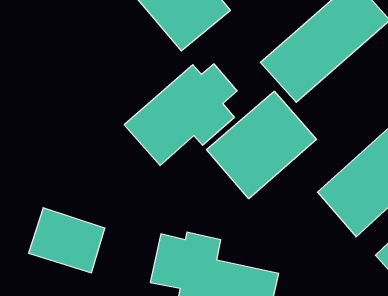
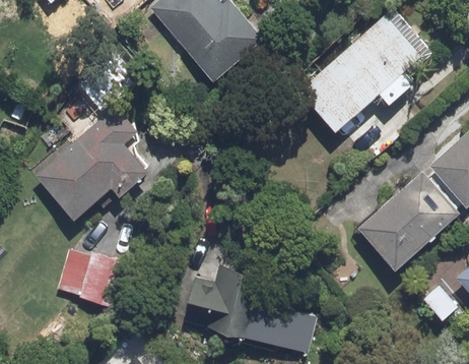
building: [124,64,237,166] -> [34,114,152,221]
building: [207,91,317,199] -> none

